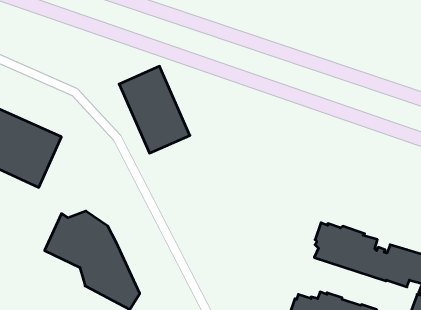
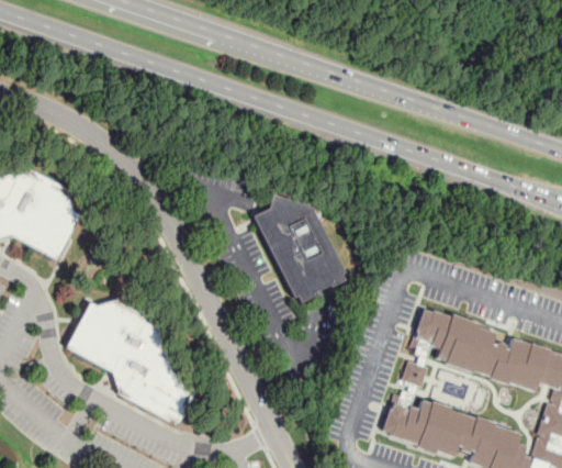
building: [119,66,190,153] -> [255,190,347,303]
building: none -> [404,363,428,388]

